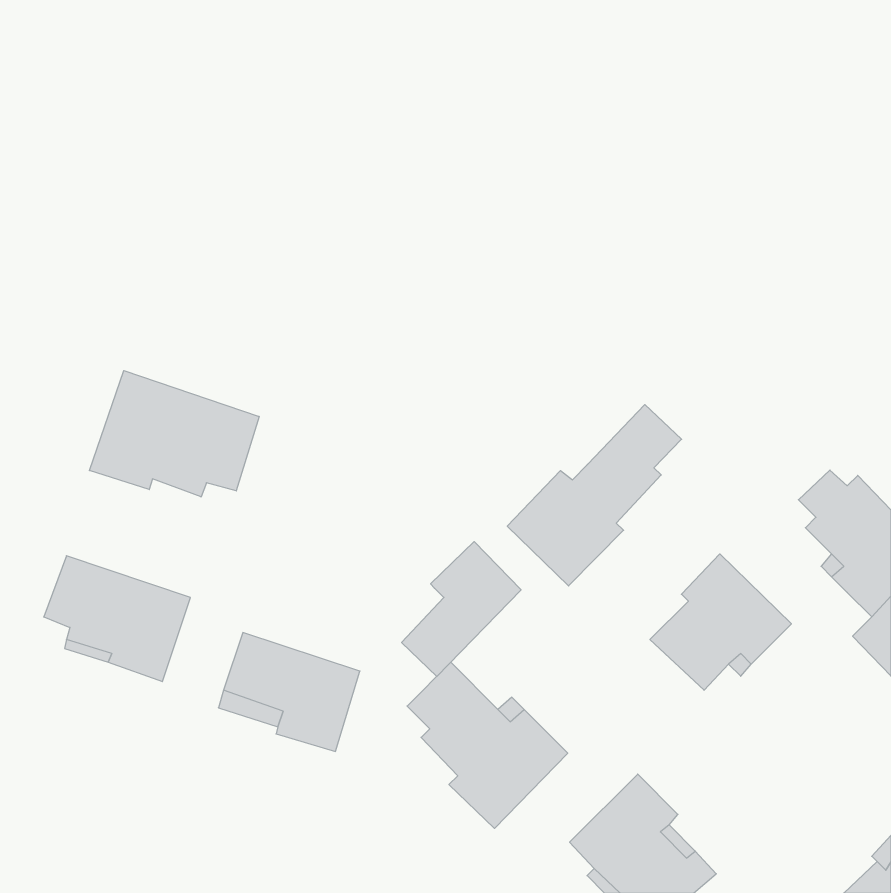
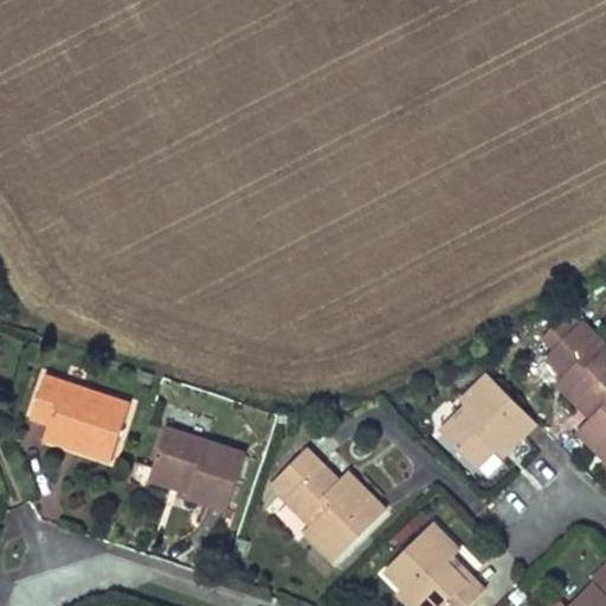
building: [89,371,259,497] -> none
building: [507,405,682,586] -> none
building: [402,542,521,676] -> none

